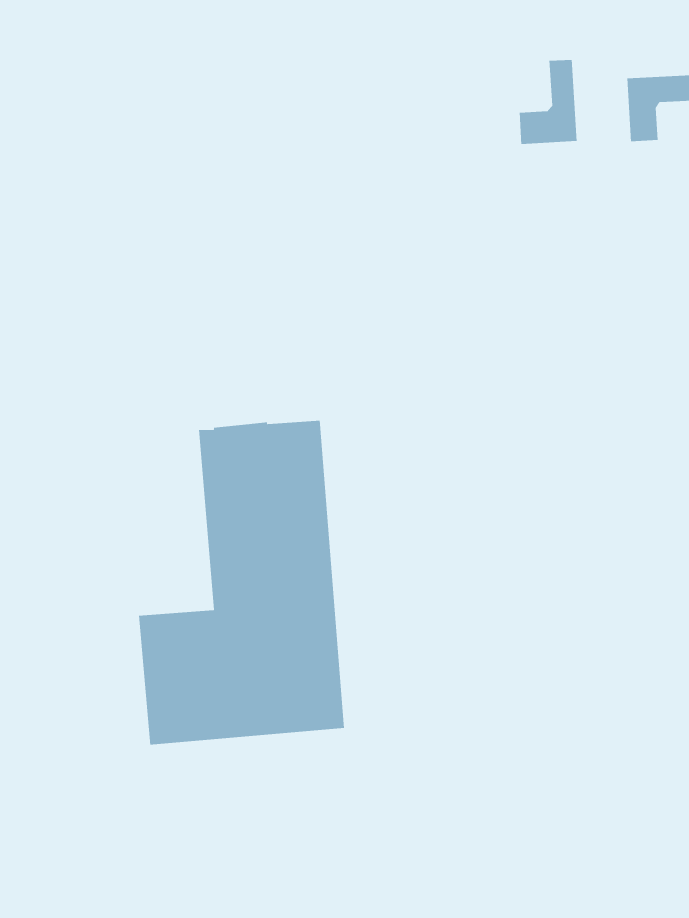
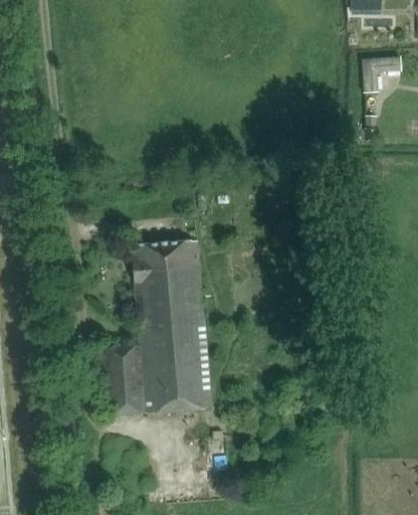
building: [519,59,577,145] -> none

